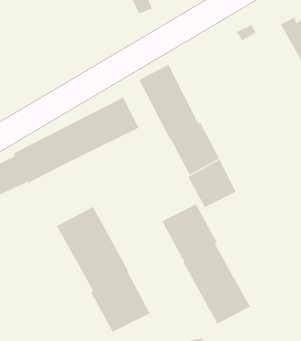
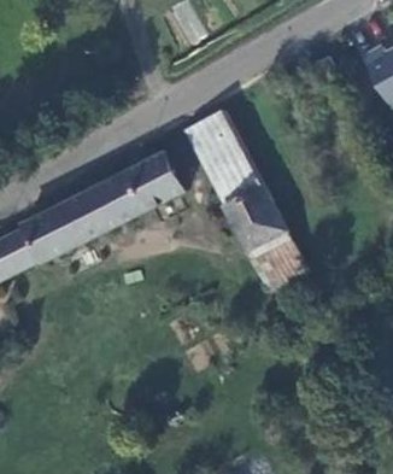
building: [162,204,251,325] -> none
building: [56,206,150,332] -> none

